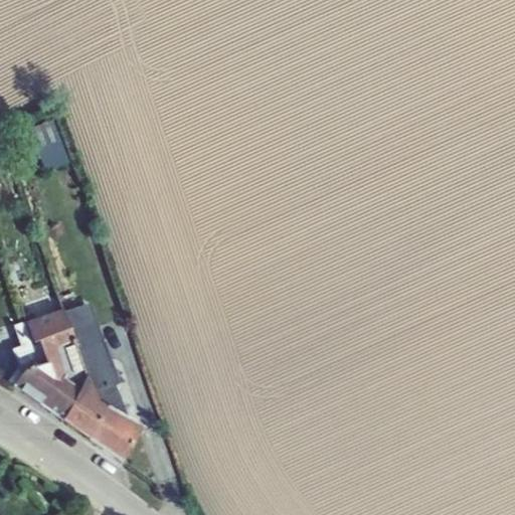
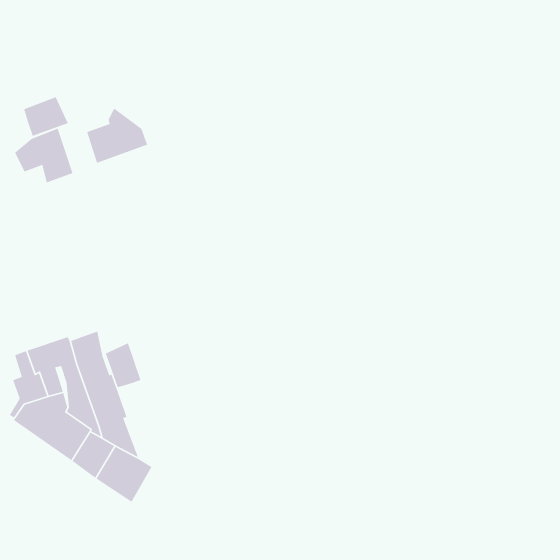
building: none -> [23,96,69,137]
building: none -> [86,108,148,164]
building: none -> [105,342,142,388]

